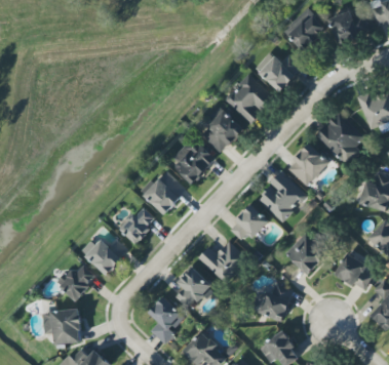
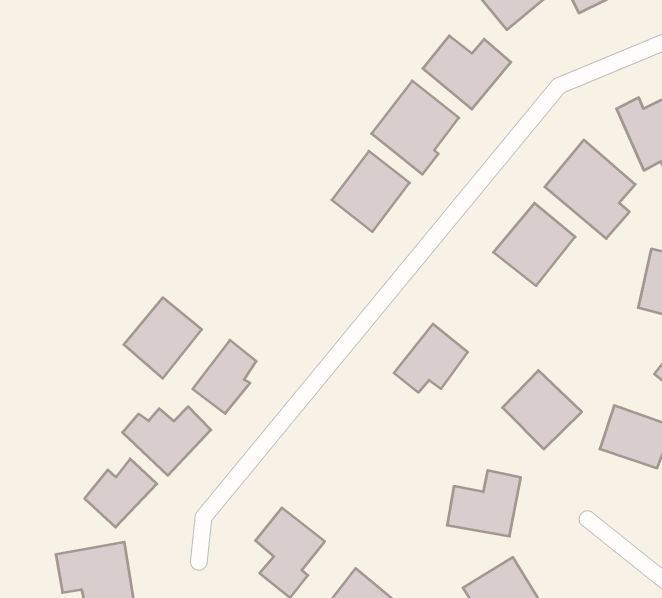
building: [168,143,216,185] -> none
building: [144,171,186,214] -> [124,298,202,378]
building: [257,173,305,222] -> none
building: [197,241,245,283] -> none
building: [176,267,210,308] -> none

